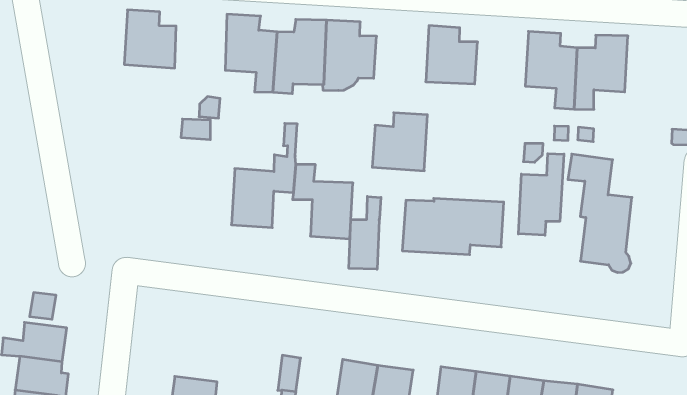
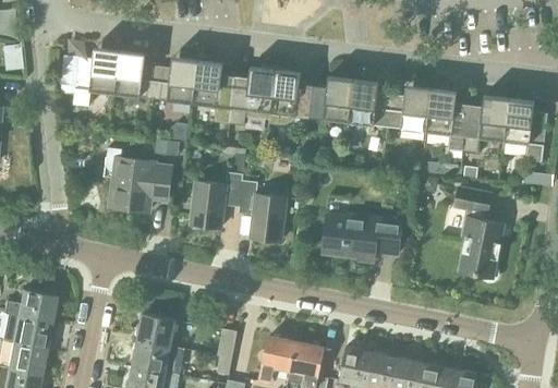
building: none -> [73,48,120,107]
building: none -> [154,58,197,104]
building: none -> [387,86,432,132]
building: none -> [504,98,547,161]
building: [372,113,427,171] -> [308,76,354,123]
building: none -> [105,148,172,211]
building: [518,154,564,235] -> none
building: [349,196,381,269] -> none
building: none -> [137,313,175,347]

